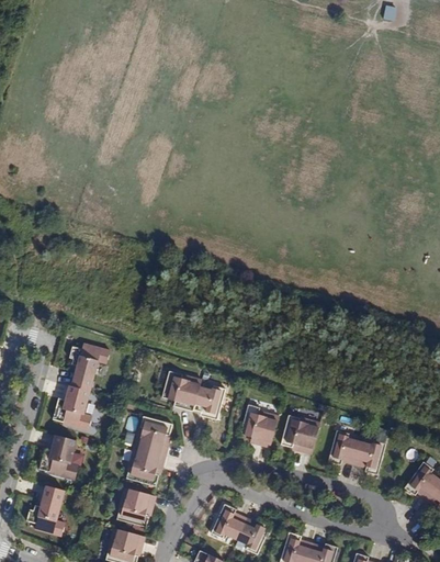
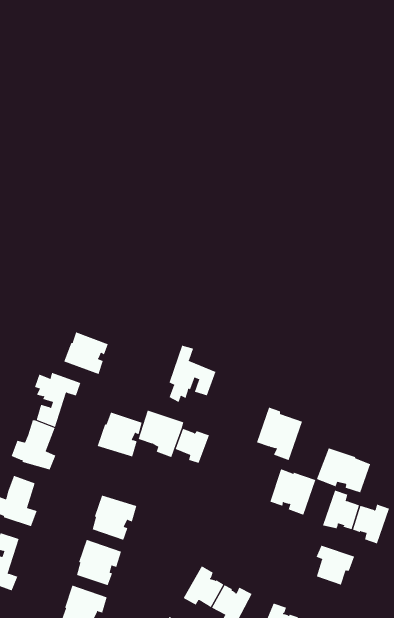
building: none -> [64,332,109,375]
building: none -> [169,345,216,403]
building: none -> [316,447,371,493]
building: [238,405,278,451] -> [256,407,303,461]
building: [133,417,171,456] -> [97,412,142,457]
building: none -> [316,545,355,585]

